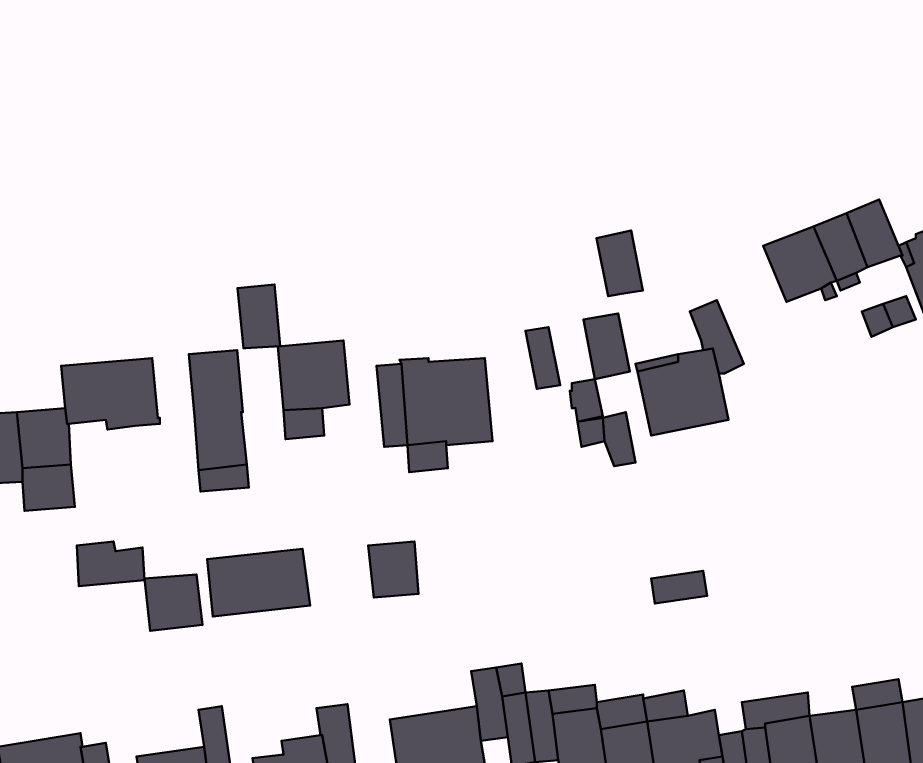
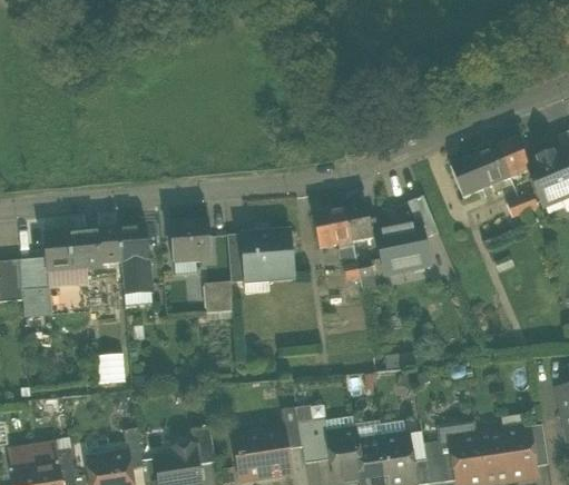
building: [596,230,643,296] -> [325,206,352,244]
building: [238,284,280,348] -> [97,226,121,263]
building: [368,542,418,598] -> [204,279,233,311]
building: [77,542,144,586] -> [49,264,88,289]
building: [207,549,310,616] -> none

